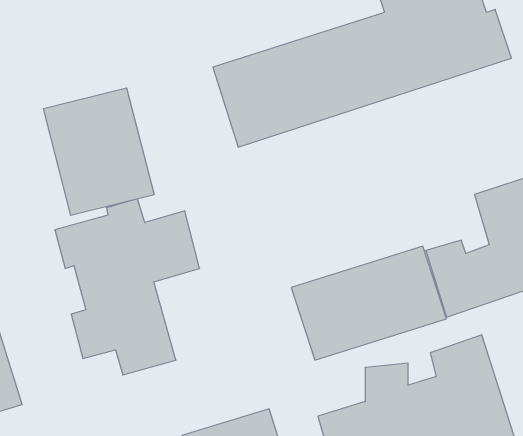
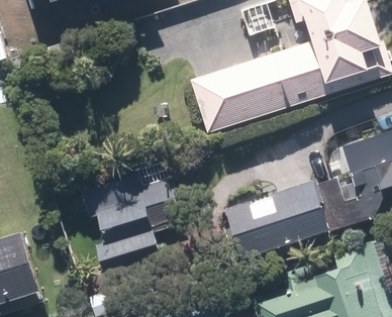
building: [43,88,154,215] -> none

